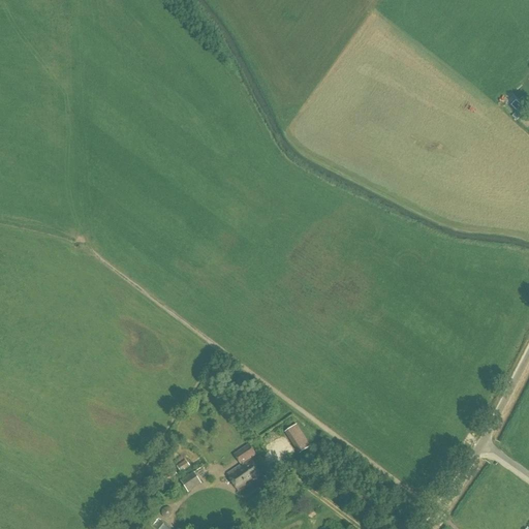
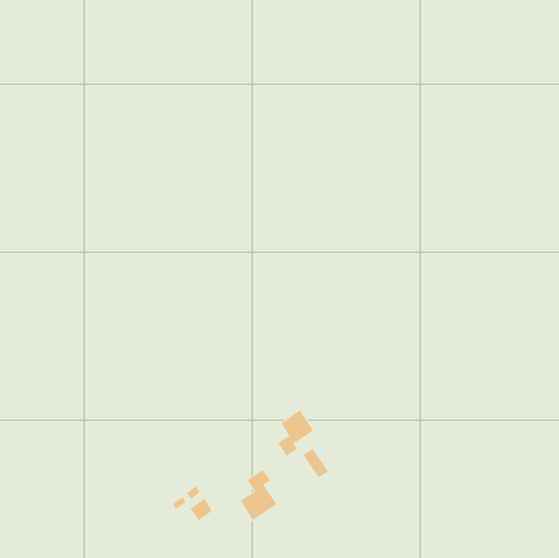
building: none -> [277,410,314,456]

